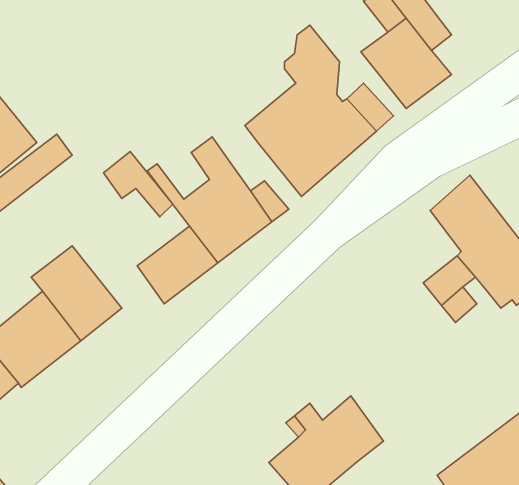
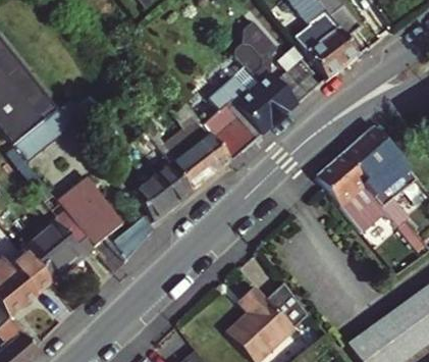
building: [103,152,173,217] -> [201,105,251,152]
building: none -> [316,153,366,205]

